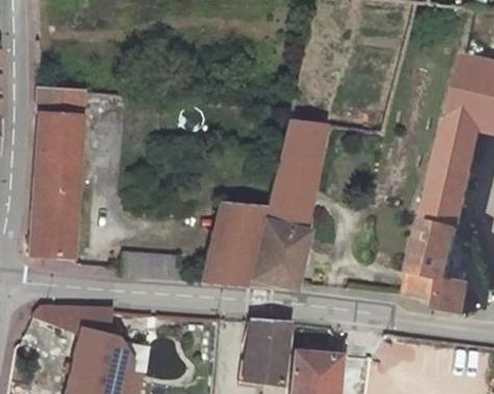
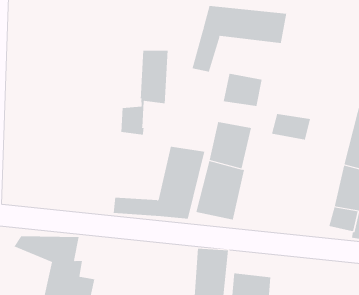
building: none -> [192,5,287,73]
building: none -> [121,50,168,136]
building: [29,86,83,254] -> none
building: [276,147,322,178] -> [271,114,311,140]

